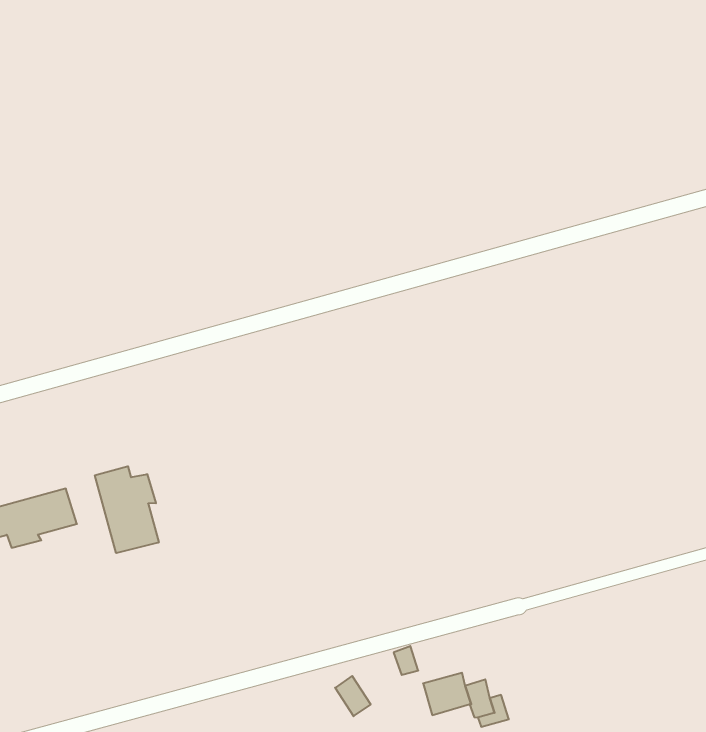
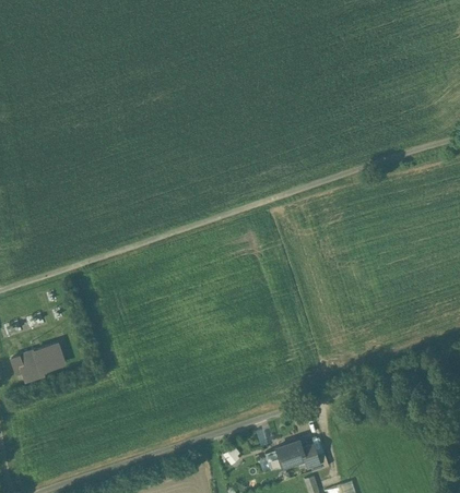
building: [95,466,159,553] -> none

